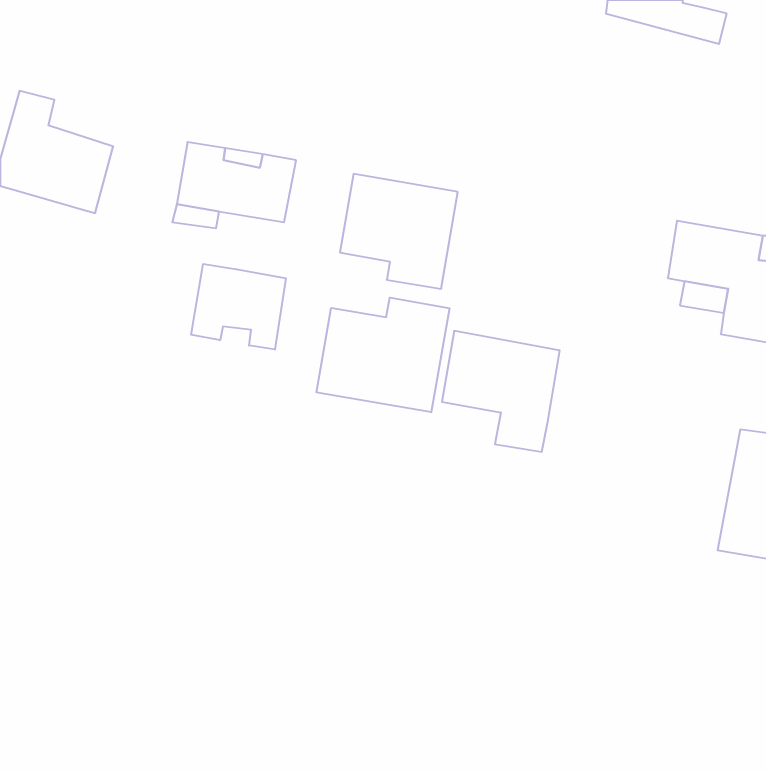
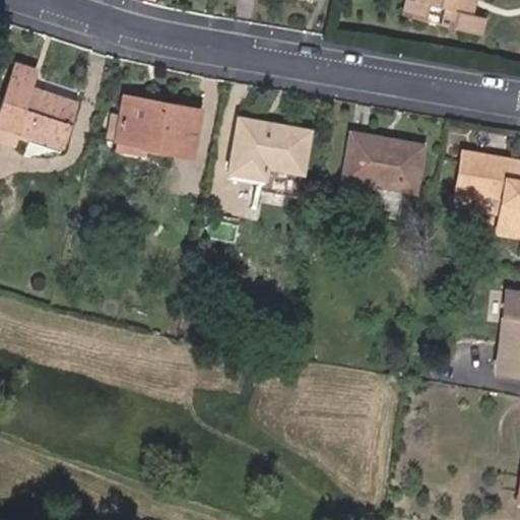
building: [191,264,286,350] -> none
building: [317,298,449,412] -> none
building: [442,331,560,452] -> [336,129,415,210]

